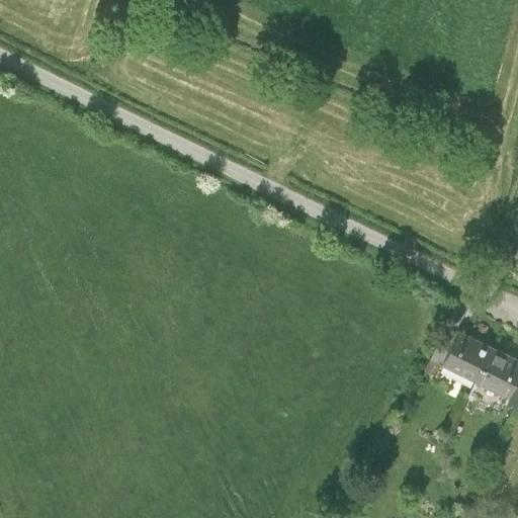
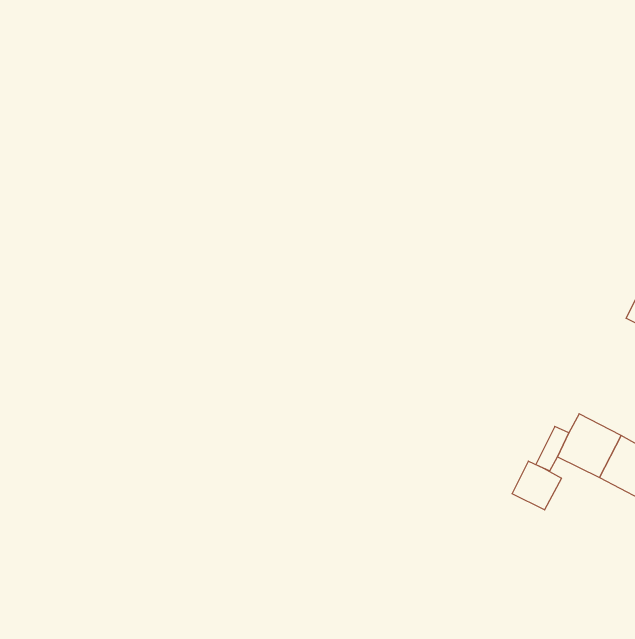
building: none -> [512,461,561,510]

